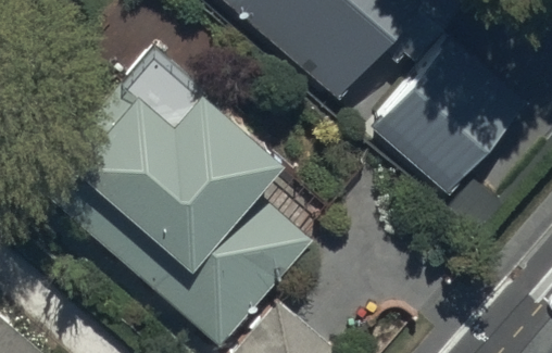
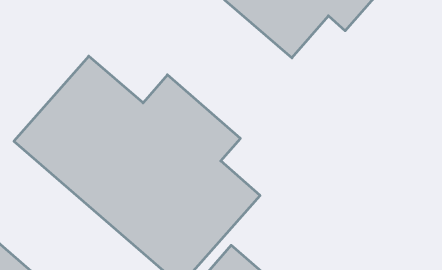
building: [367,39,513,186] -> none

